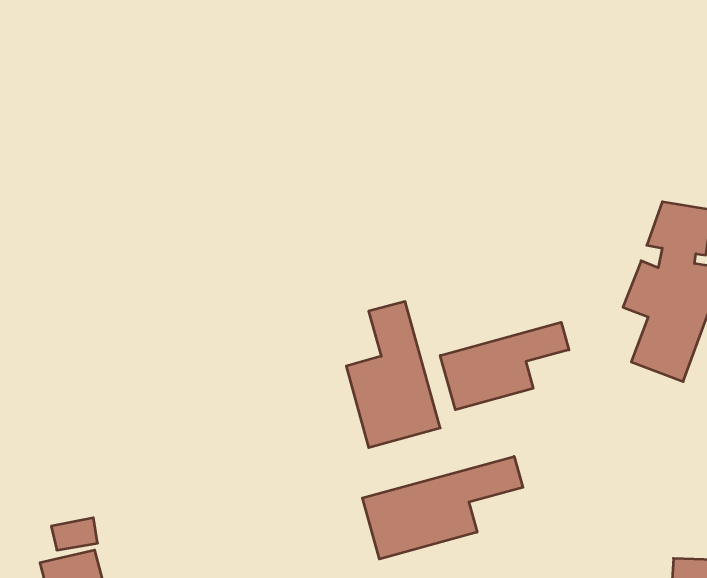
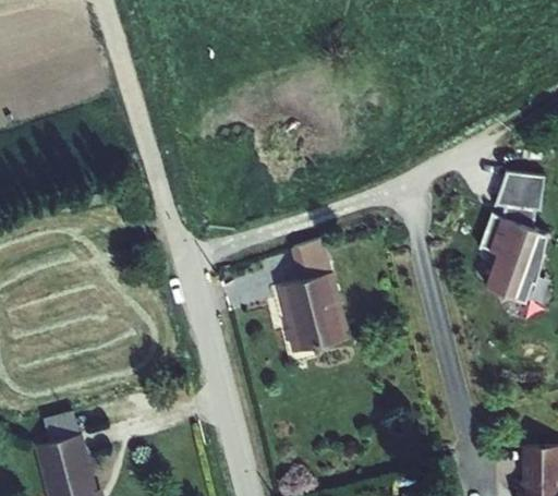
building: [440,322,569,410] -> none
building: [362,456,523,559] -> none

